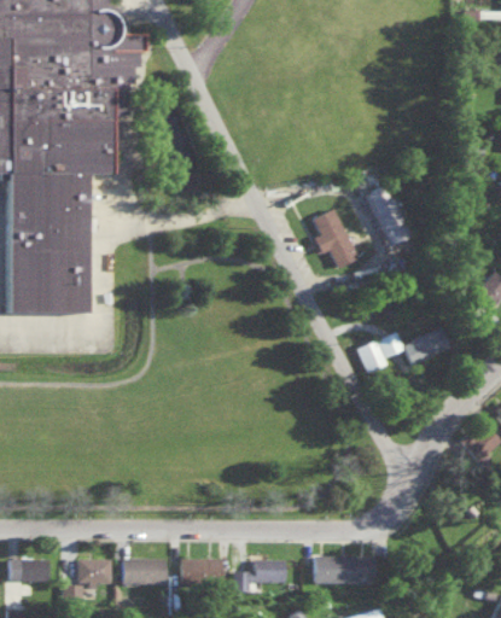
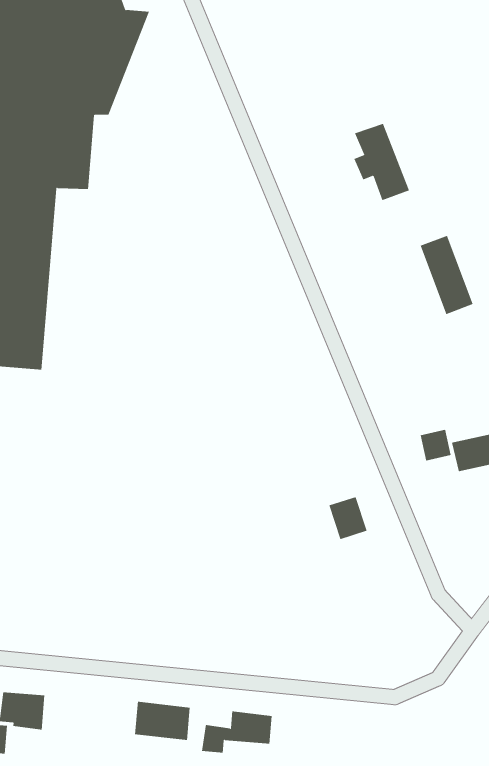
building: [313,209,359,268] -> [354,123,410,201]
building: [356,339,388,373] -> [328,496,368,540]
building: [314,555,375,583] -> none
building: [122,558,165,584] -> none

